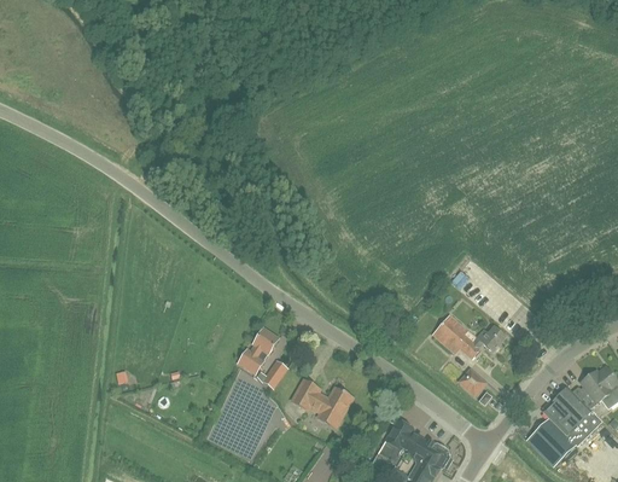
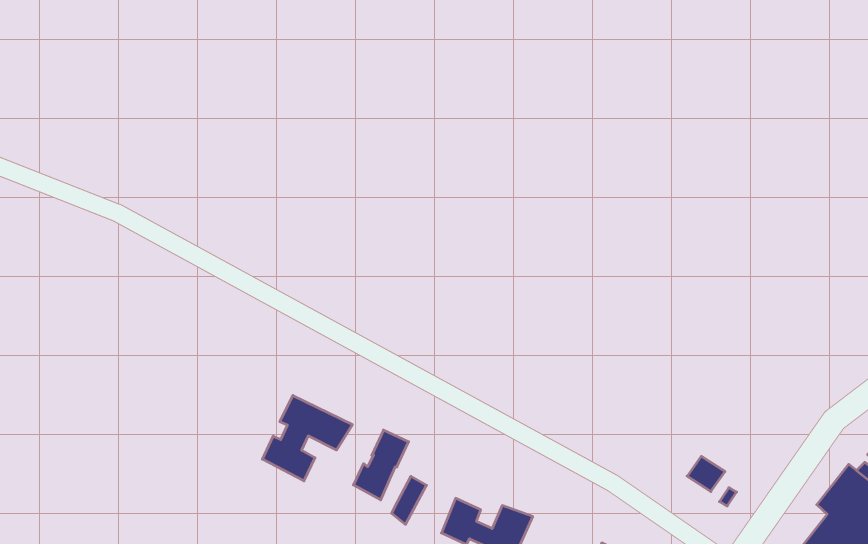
building: none -> [262,395,352,481]
building: [432,315,505,359] -> none

